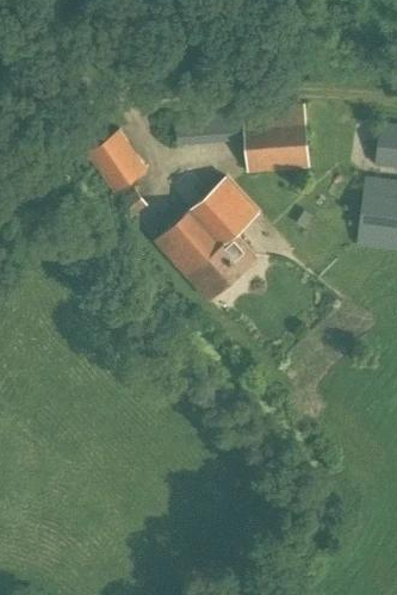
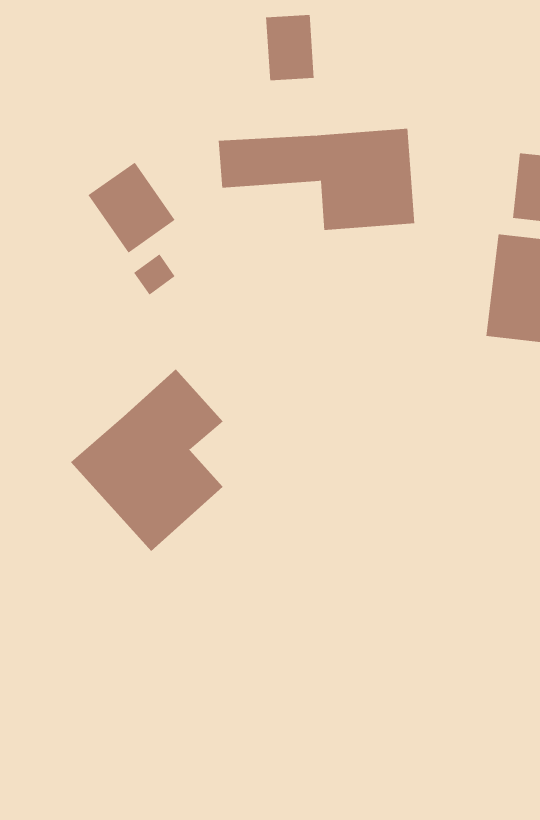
building: none -> [266,14,314,81]
building: [155,176,259,300] -> [70,369,223,552]

